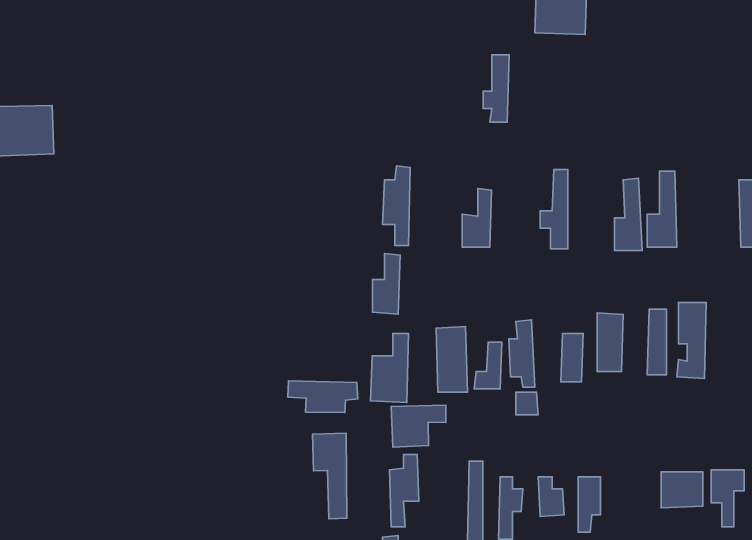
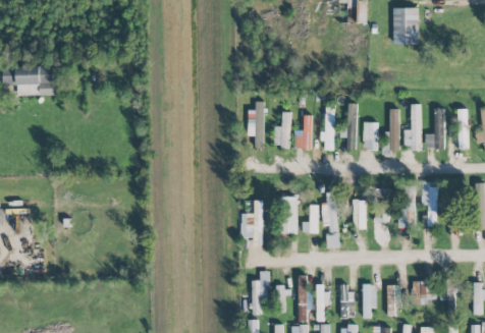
building: none -> [392,8,419,44]
building: [483,55,509,122] -> [320,110,335,150]
building: none -> [424,108,444,149]
building: none -> [363,122,377,149]
building: [372,254,400,314] -> [274,111,290,147]
building: [288,381,358,412] -> none
building: [391,405,446,447] -> none
building: [313,433,347,519] -> none
building: none -> [386,284,401,316]

